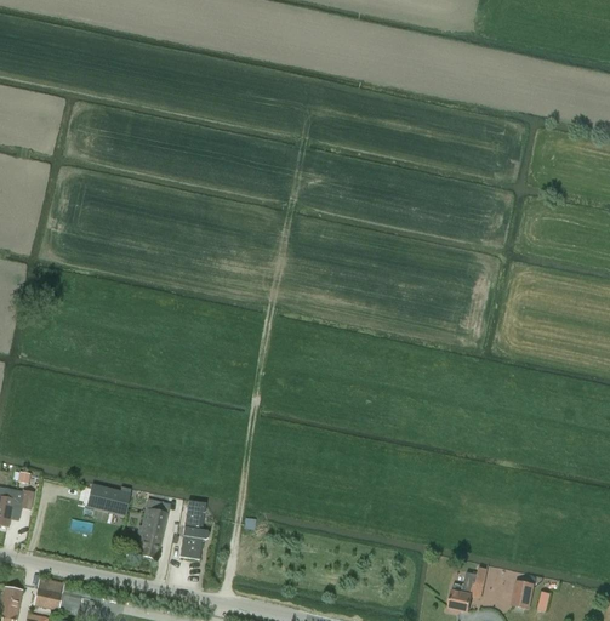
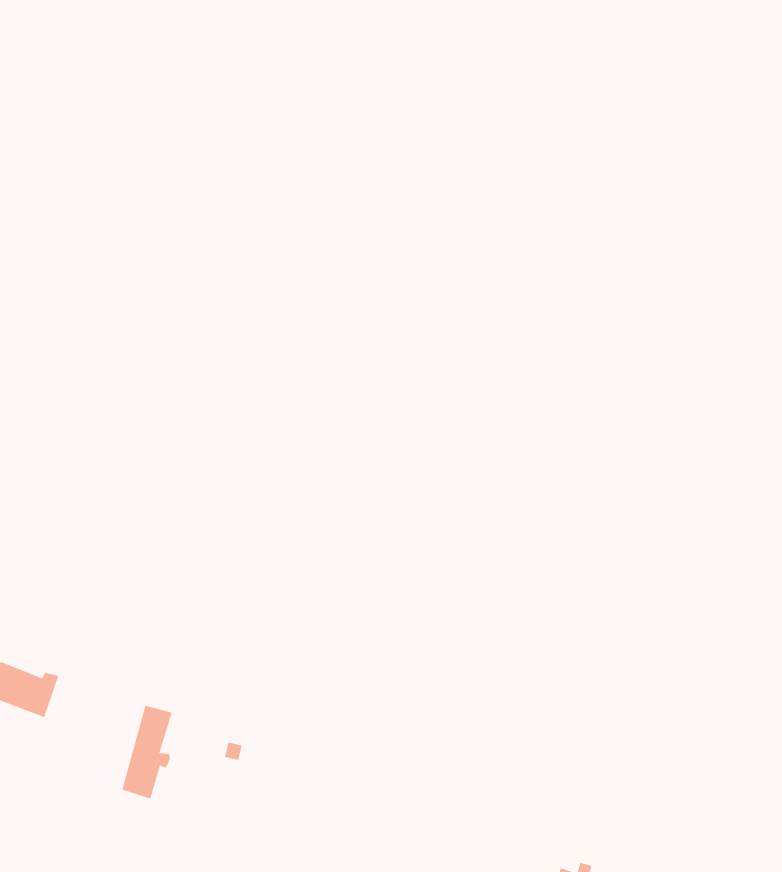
building: [136,507,165,557] -> none

